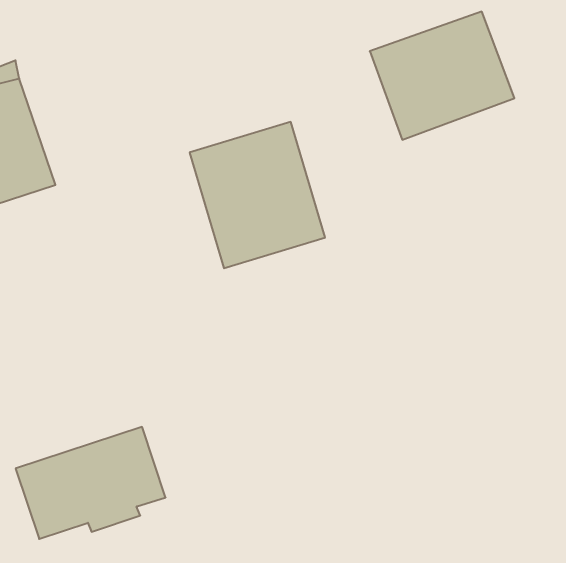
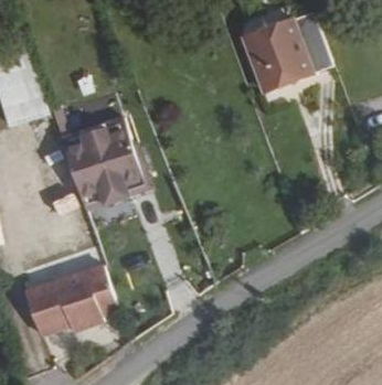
building: [190,122,325,268] -> [65,119,148,208]

